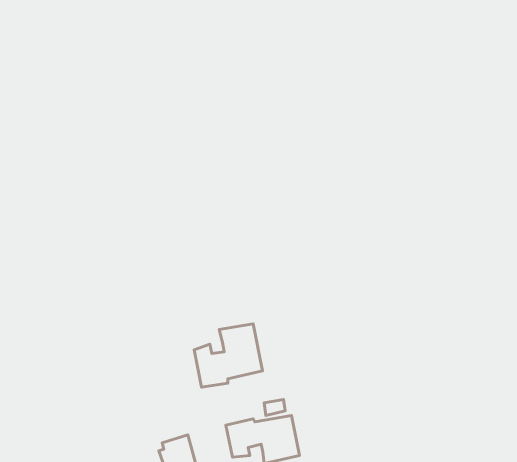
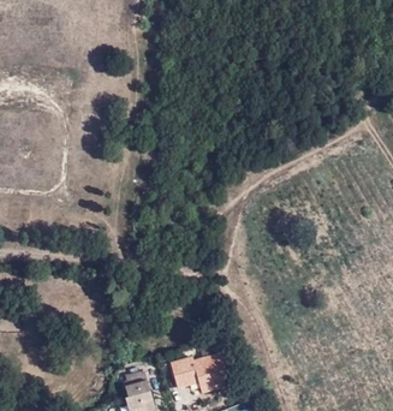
building: [194,324,263,387] -> none

